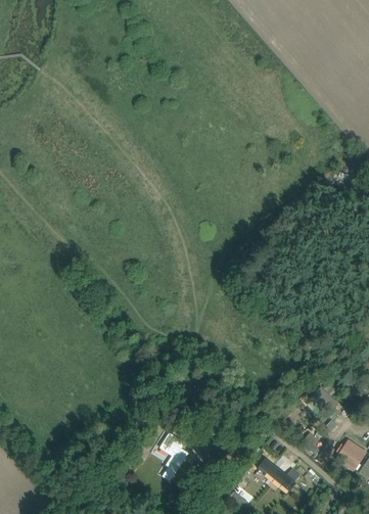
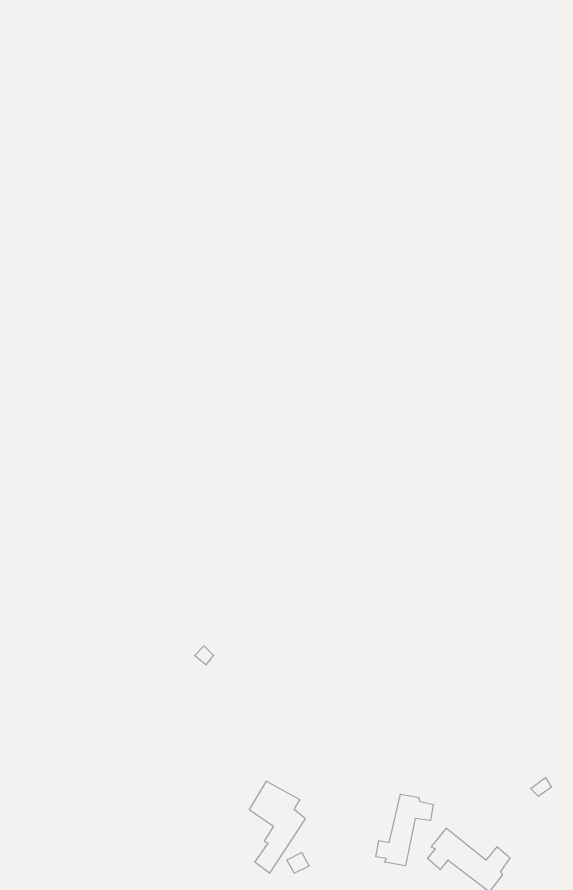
building: none -> [376,794,433,866]

